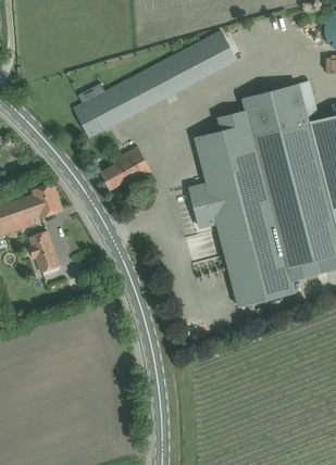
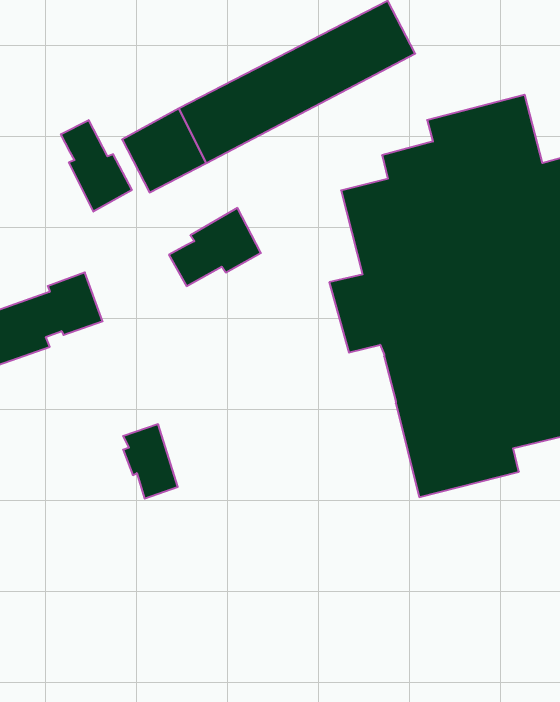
building: none -> [61,120,132,212]
building: [27,231,58,273] -> [123,424,178,499]

